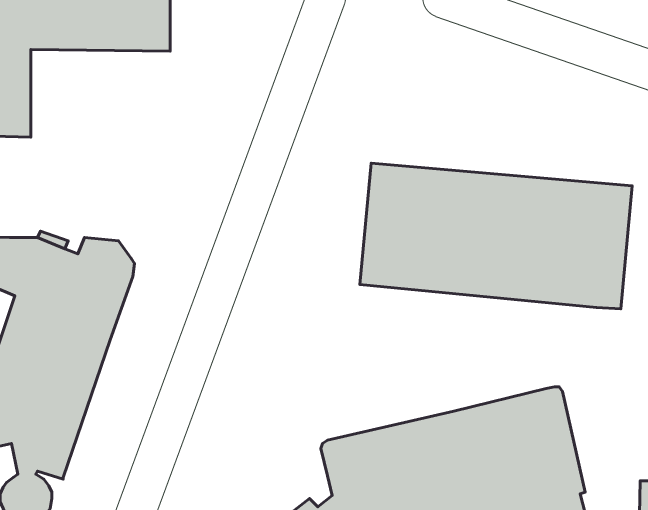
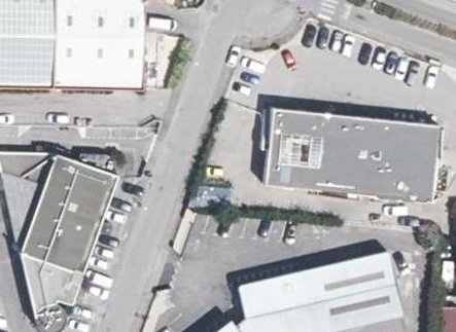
building: none -> [54,35,142,91]

